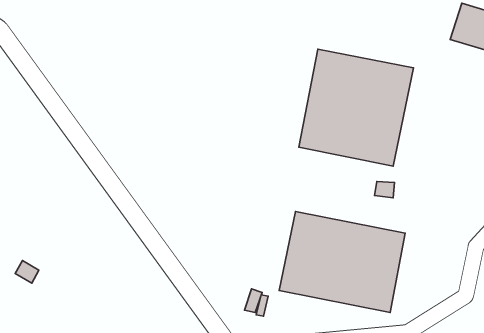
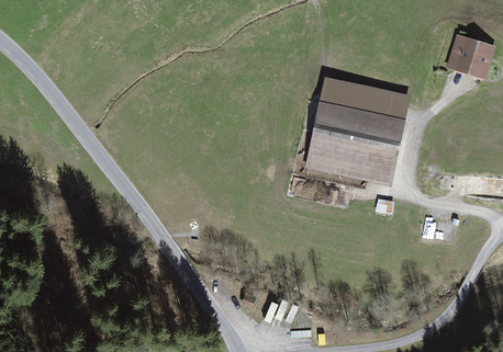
building: [279,212,405,312] -> none

